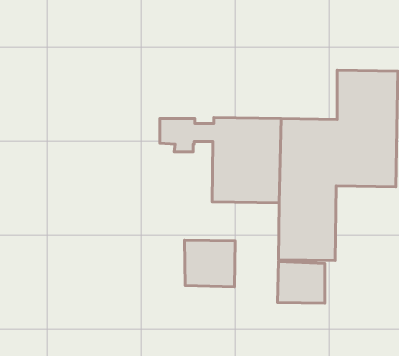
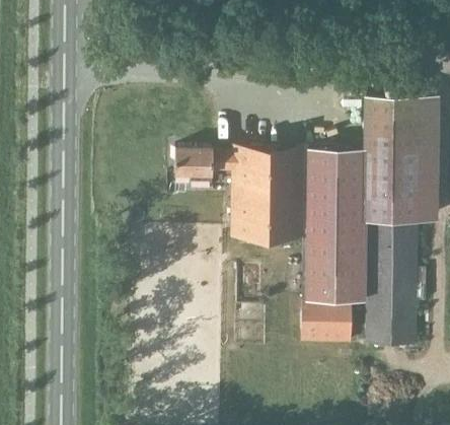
building: none -> [367,224,421,348]
building: [185,240,235,287] -> none

